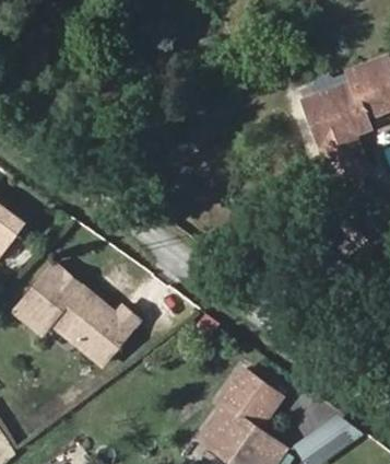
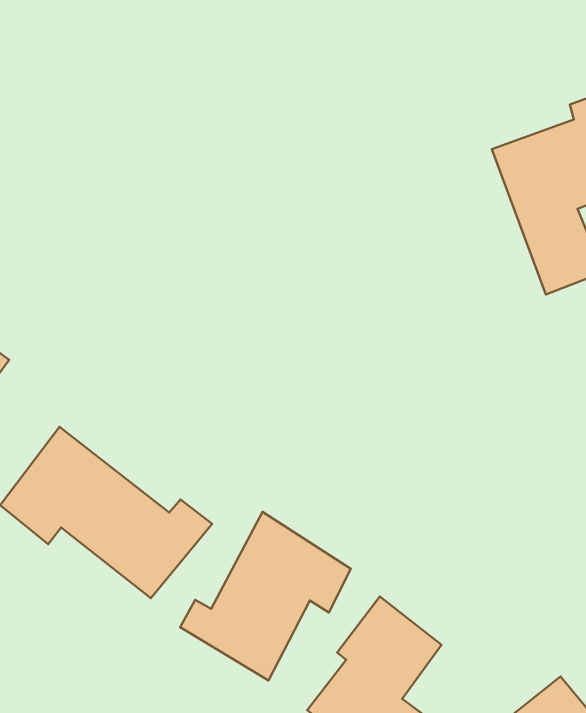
building: none -> [180,512,351,680]

